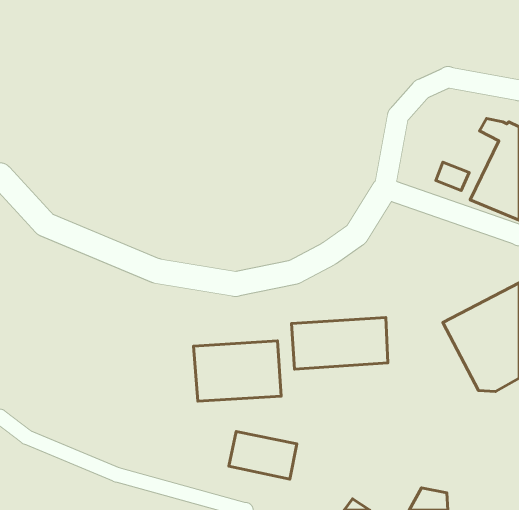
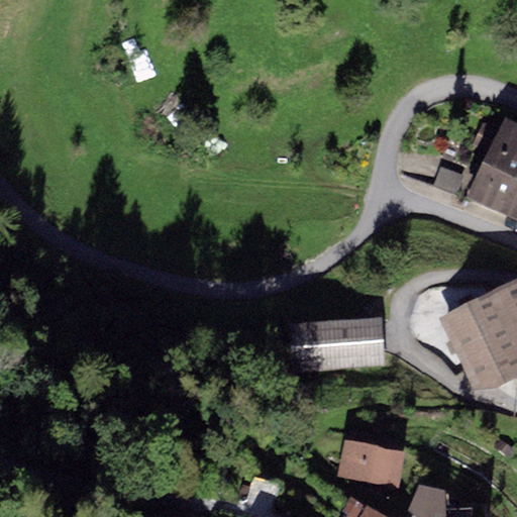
building: [193,341,281,401] -> none
building: [229,432,297,479] -> [337,439,405,487]

